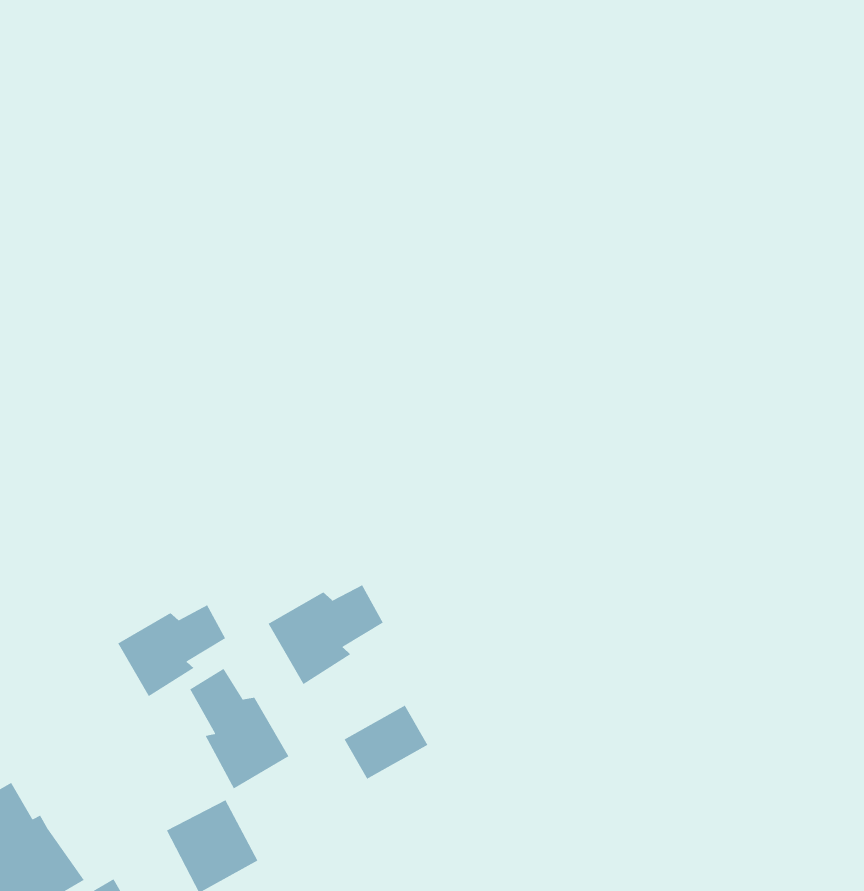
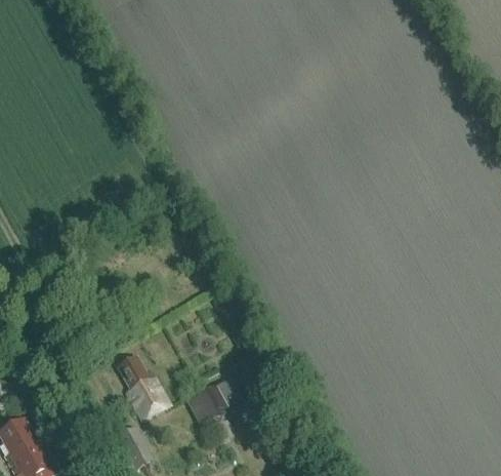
building: [268,584,384,685] -> none
building: [117,604,226,697] -> none

